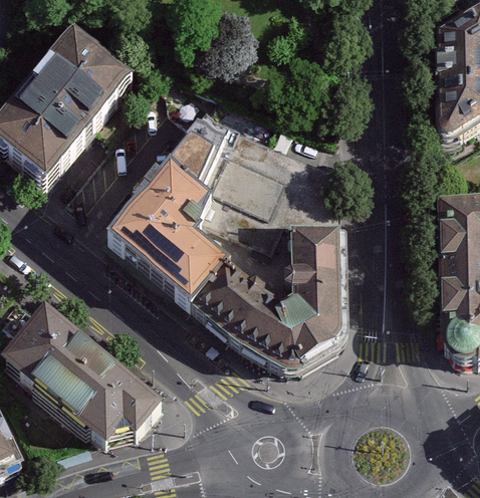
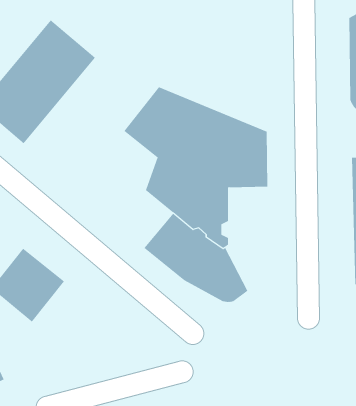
building: [104,166,223,306] -> none
building: [282,233,337,357] -> none
building: [54,346,159,436] -> none

